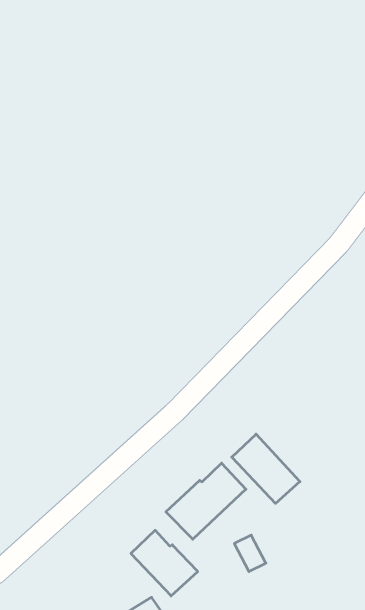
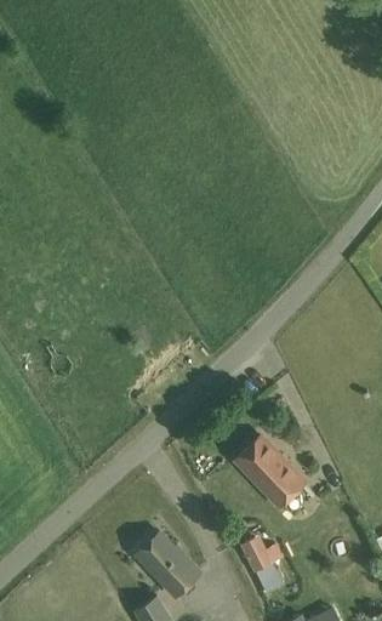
building: [166,463,246,539] -> none

